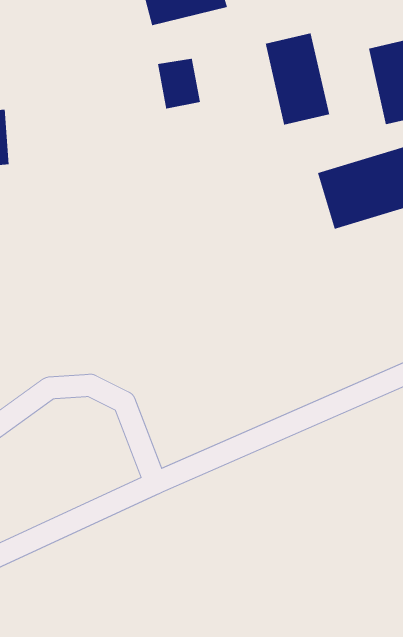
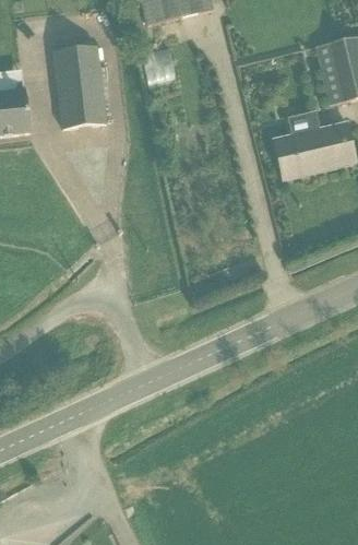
building: [265,33,330,126] -> none
building: none -> [52,47,111,132]

